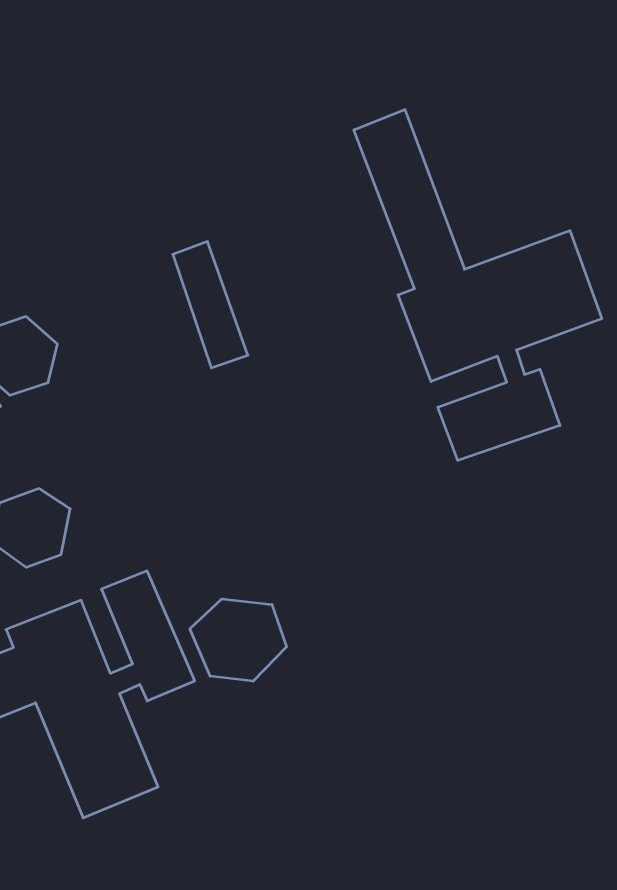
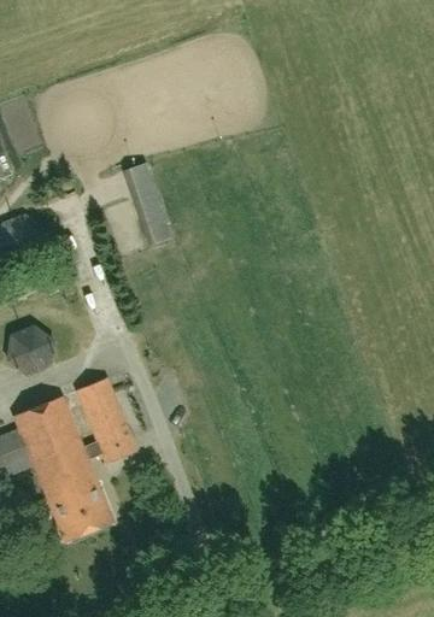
building: [354,109,602,460] -> none
building: [190,599,287,681] -> none

